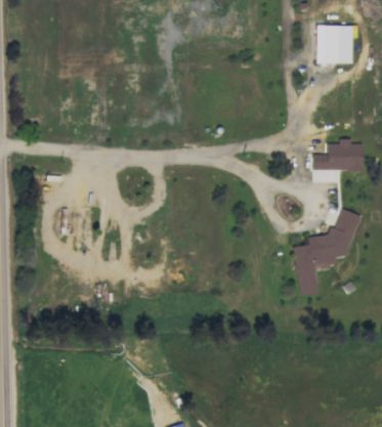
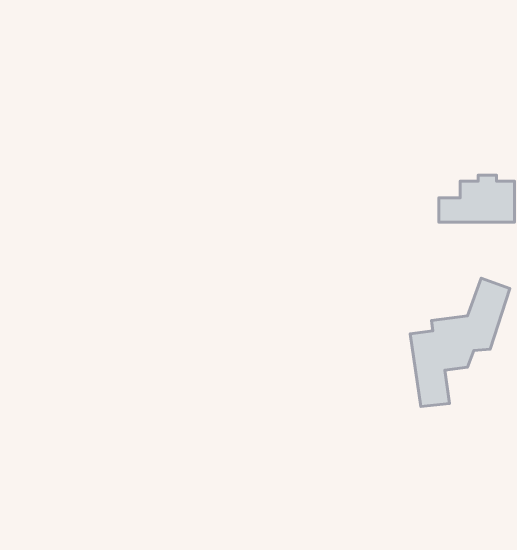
building: [315,26,351,63] -> none

